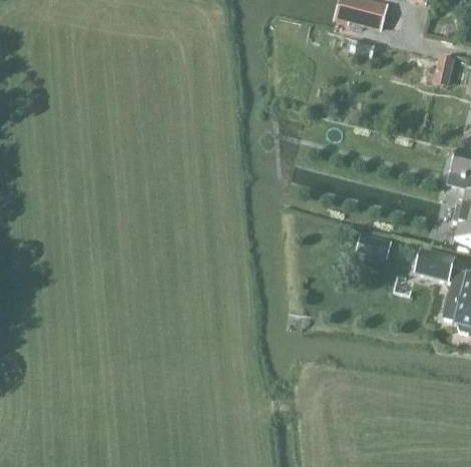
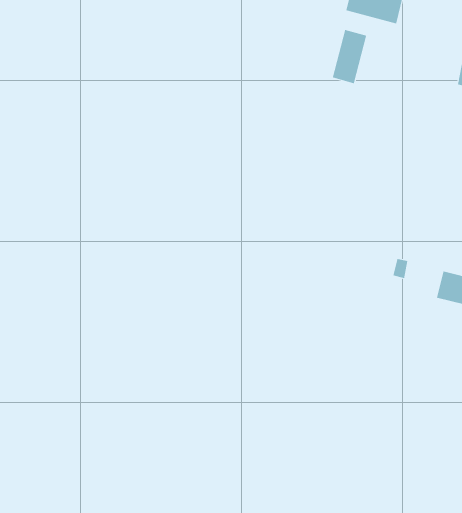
building: none -> [332,29,367,84]

